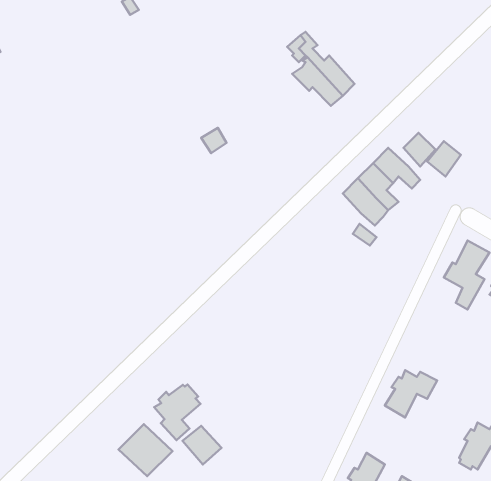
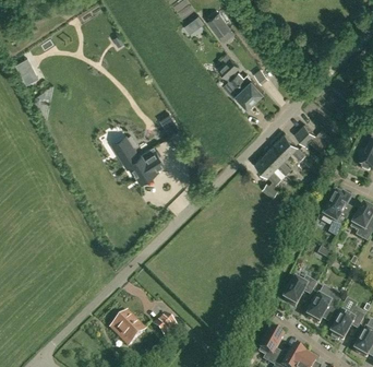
building: none -> [115,132,164,179]
building: [154,385,200,440] -> none
building: none -> [306,293,340,322]

